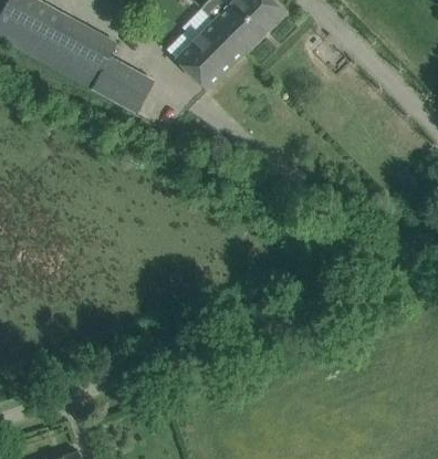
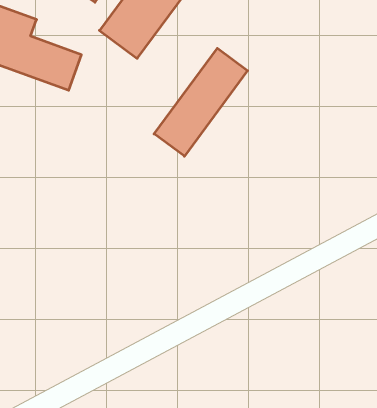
building: none -> [154,48,248,156]

